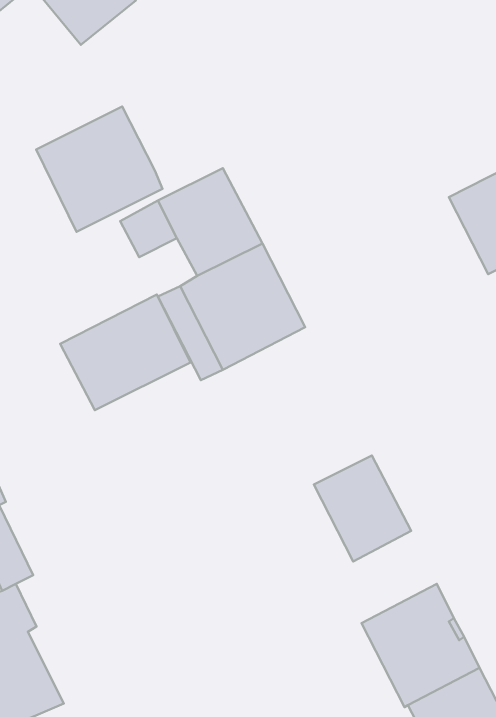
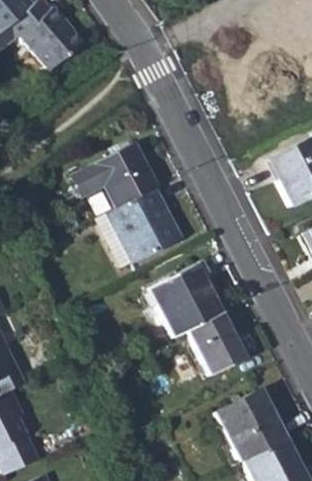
building: [36,106,162,232] -> none
building: [60,294,190,410] -> none
building: none -> [149,264,222,337]

